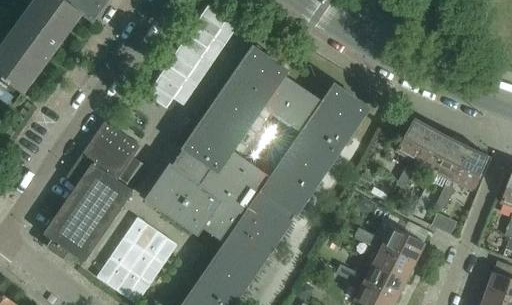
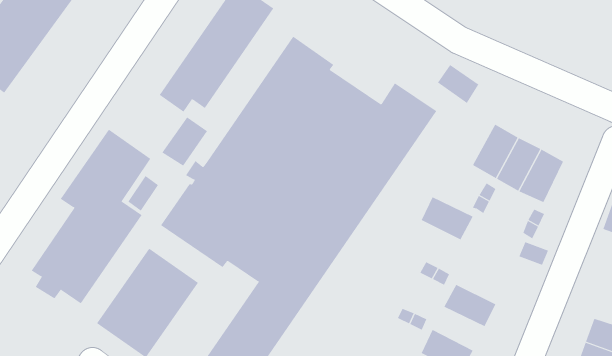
building: none -> [437,64,479,104]
building: none -> [162,116,208,166]
building: [453,147,488,189] -> none
building: [383,226,425,261] -> [421,196,473,240]
building: [364,263,406,298] -> none

